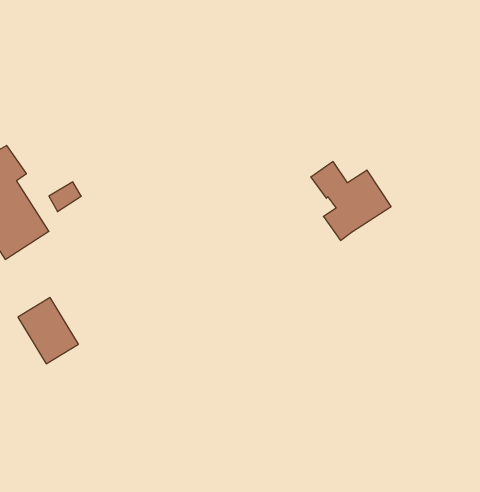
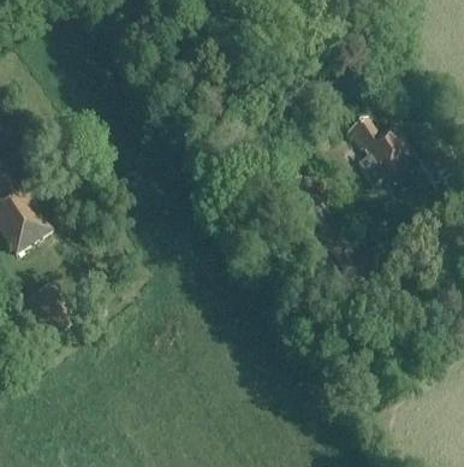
building: [311,162,391,240] -> [345,119,414,187]

